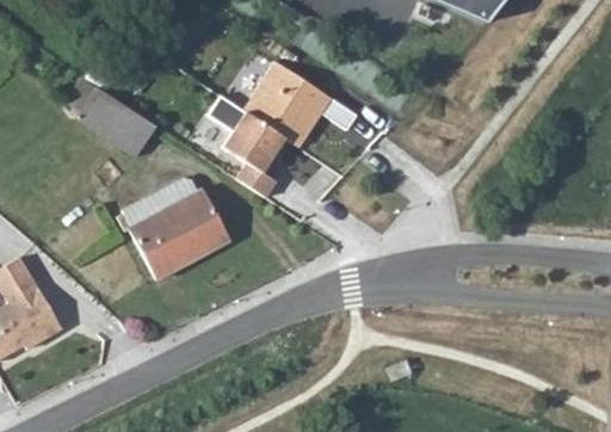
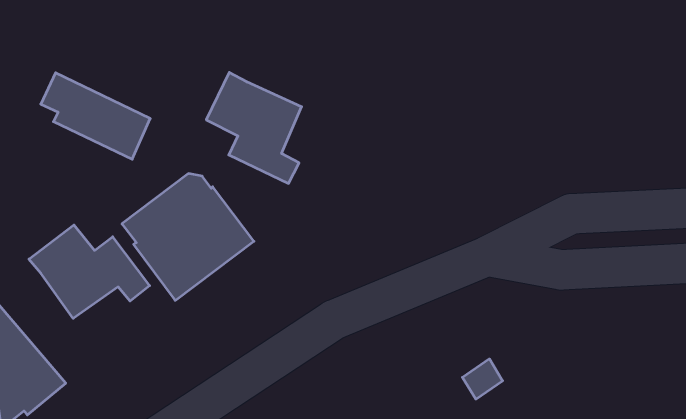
building: [245,60,332,144] -> none
building: none -> [29,225,150,318]

